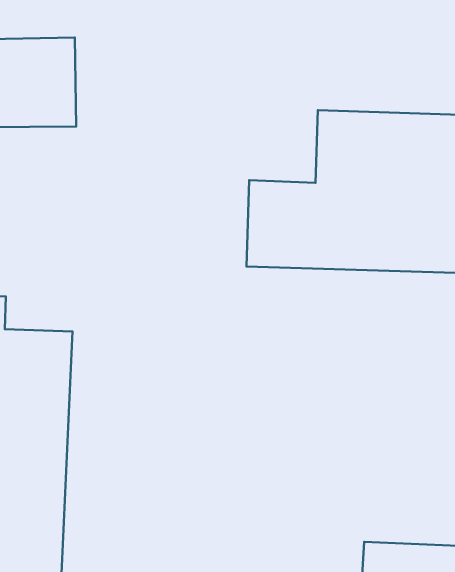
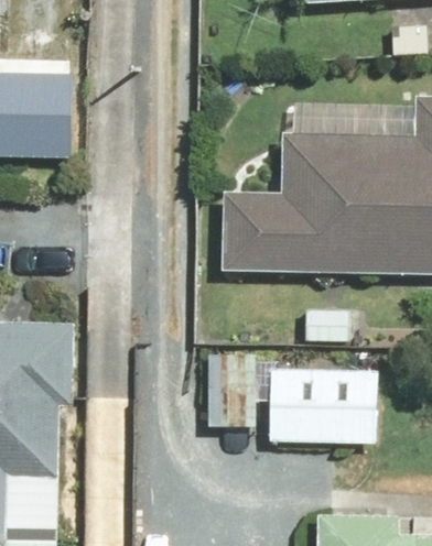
building: none -> [272,367,384,450]

